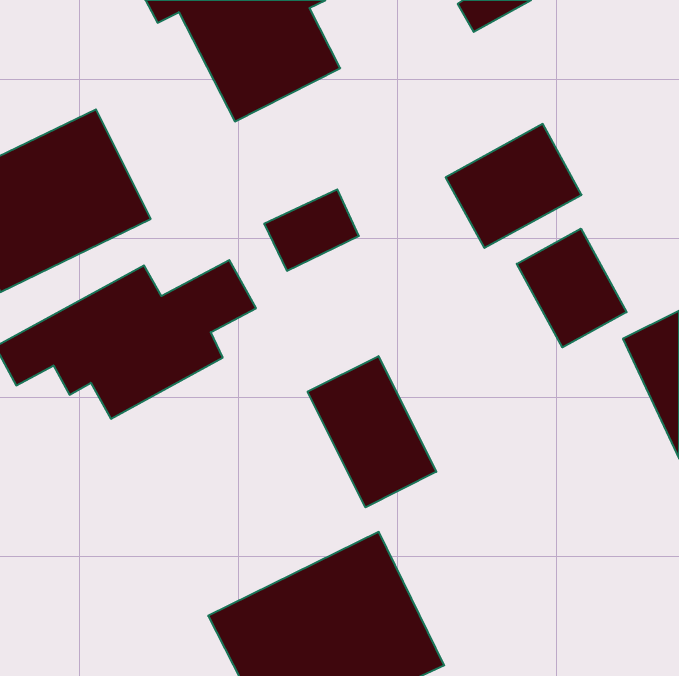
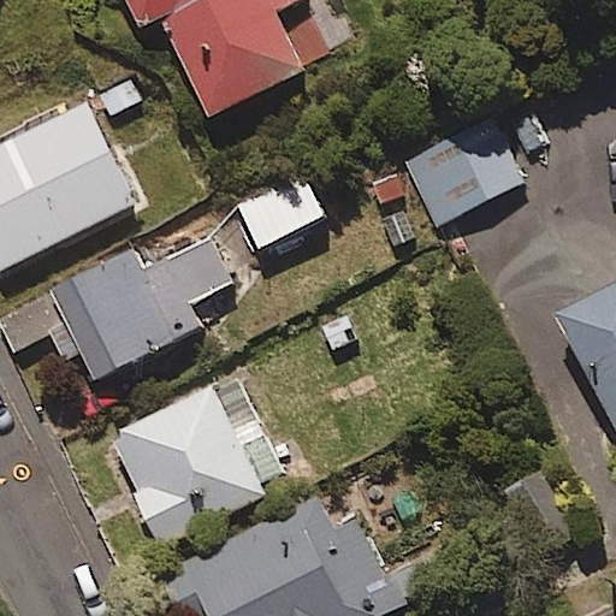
building: [517,229,627,347] -> none
building: [308,356,436,507] -> none
building: none -> [111,385,266,544]

